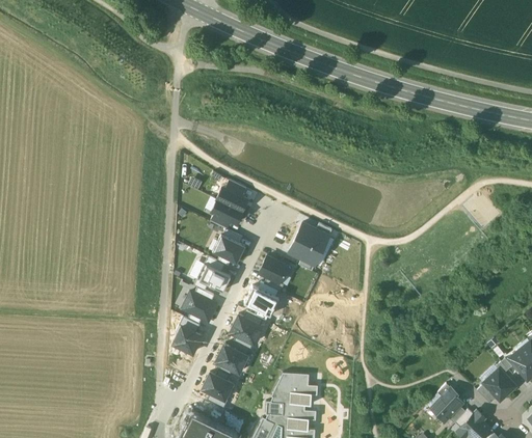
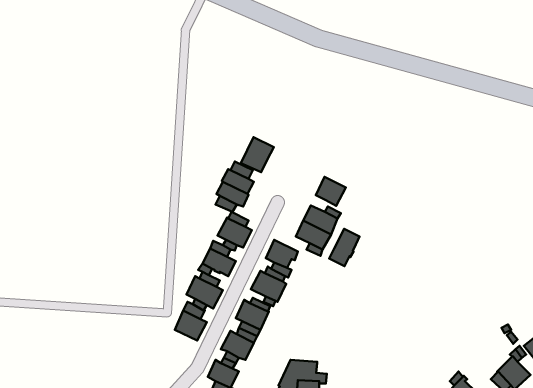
building: none -> [241,137,274,172]
building: none -> [316,177,346,206]
building: none -> [329,229,359,266]

